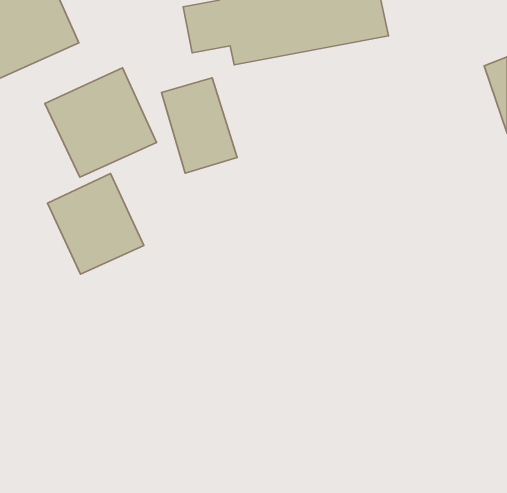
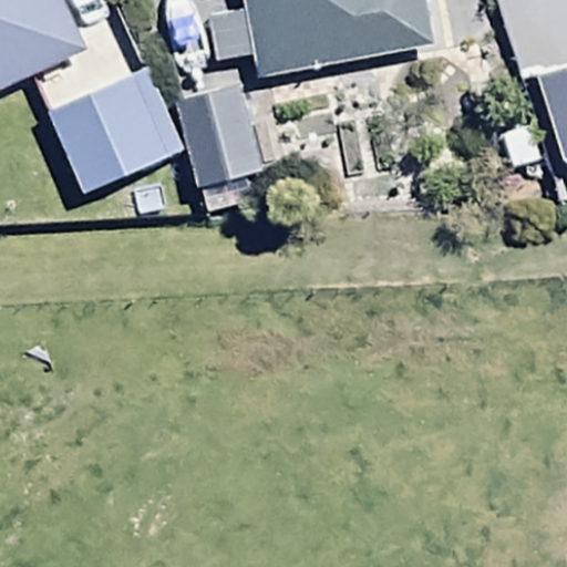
building: [47,174,144,274] -> none

